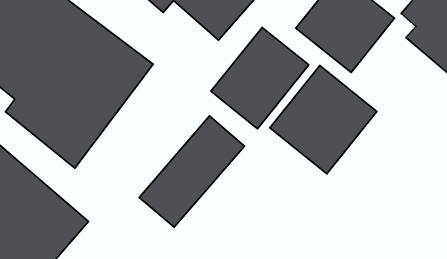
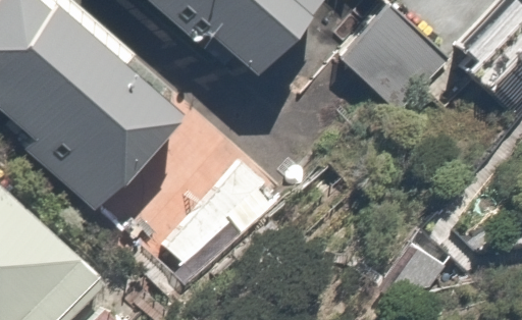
building: [211,27,309,129] -> none
building: [270,66,377,174] -> none

